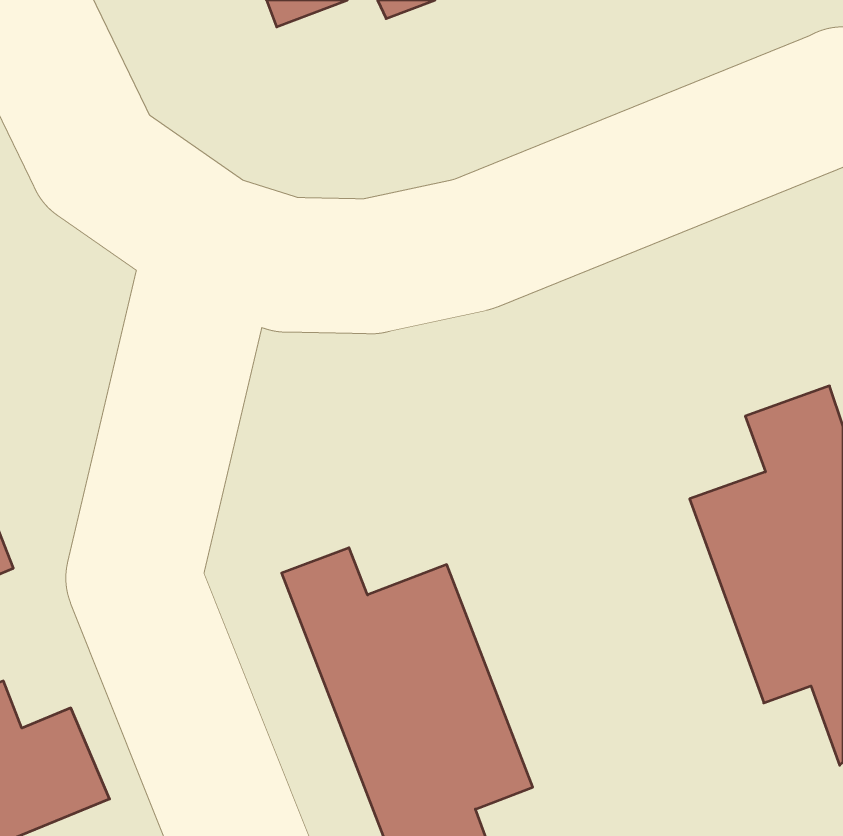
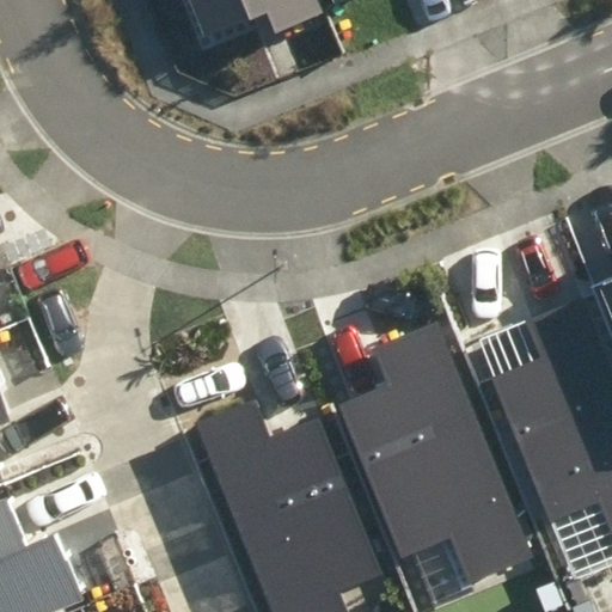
building: none -> [342,325,528,594]

